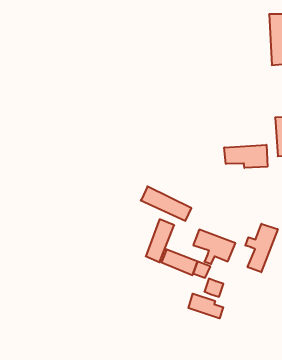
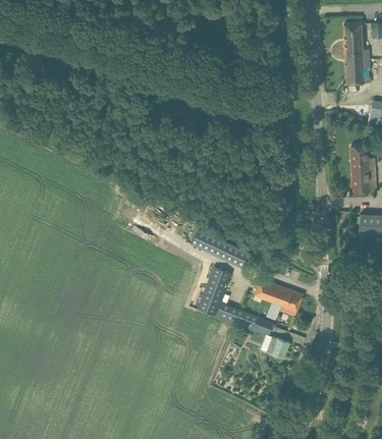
building: [224,145,267,168] -> none
building: [245,224,278,272] -> none
building: [188,294,223,318] -> none

